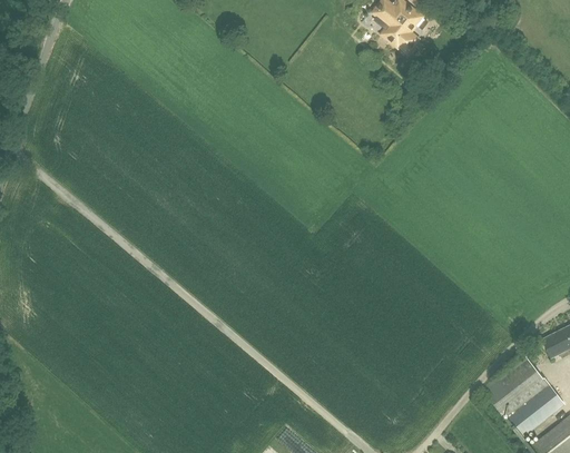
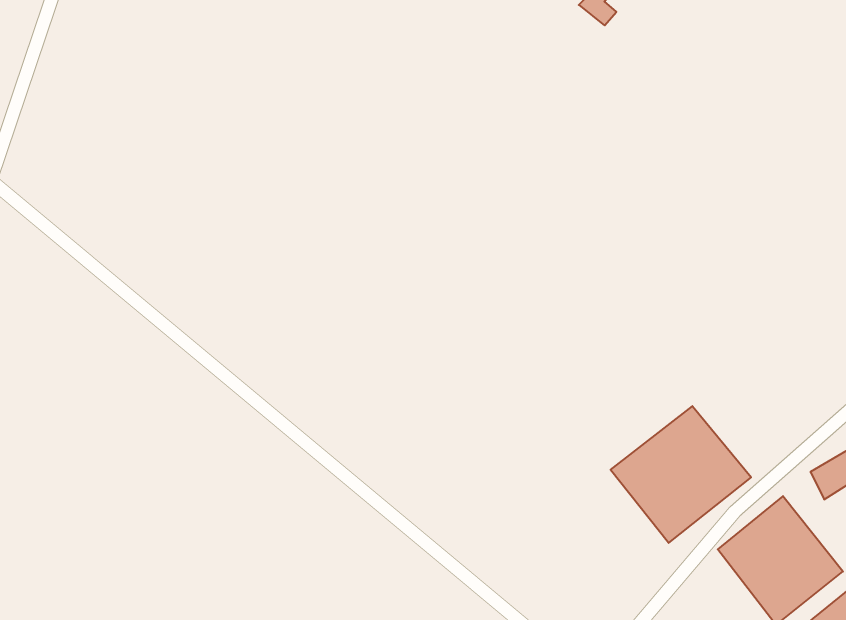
building: none -> [611,406,751,543]

